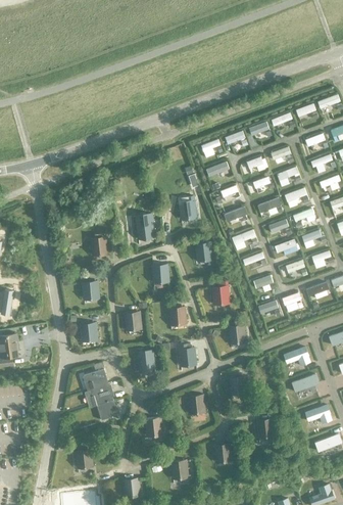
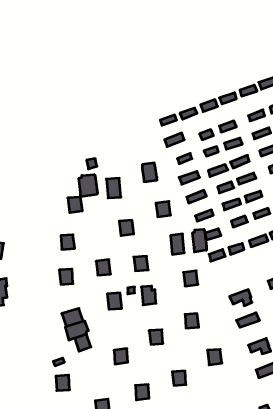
building: none -> [79,175,97,197]
building: none -> [193,229,207,252]

